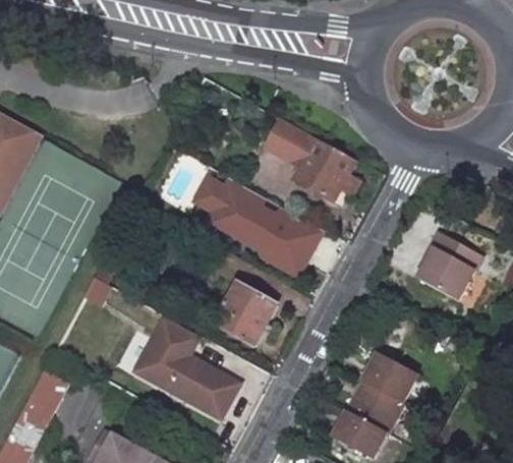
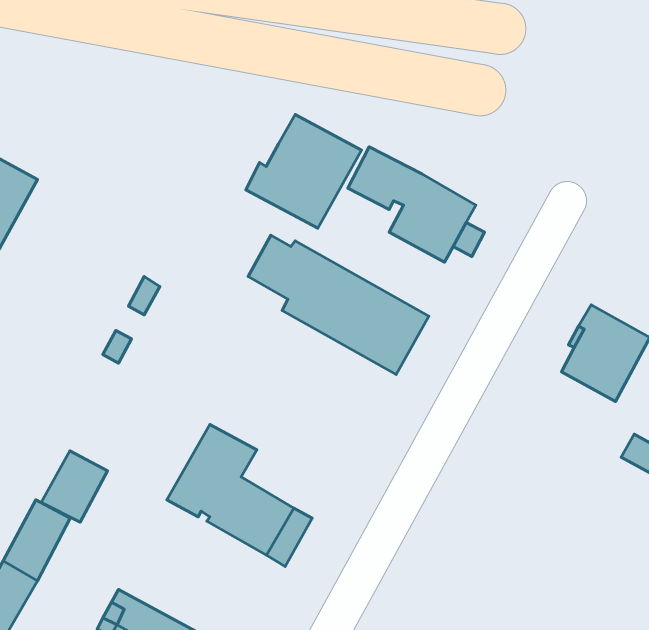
building: none -> [246,114,361,228]
building: [218,287,277,347] -> none
building: none -> [41,451,108,522]
building: [333,353,415,457] -> none

